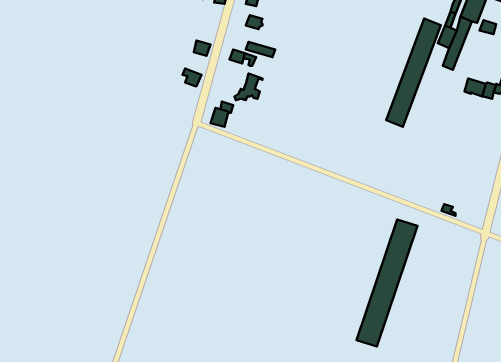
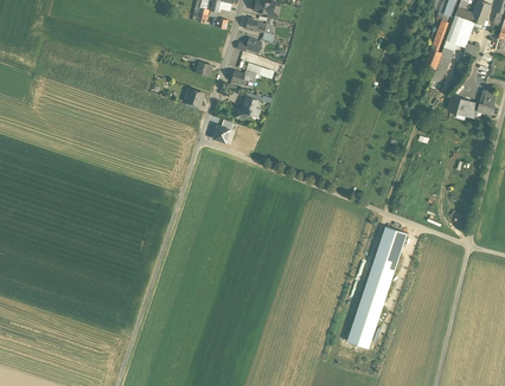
building: [386,19,441,127] -> none

